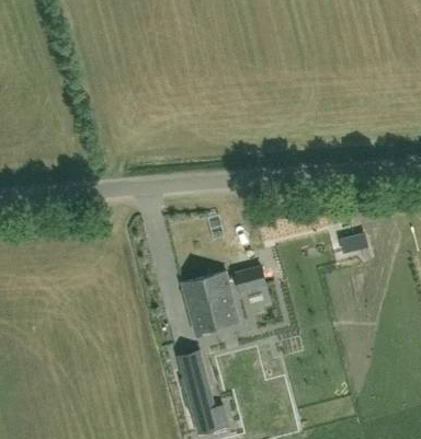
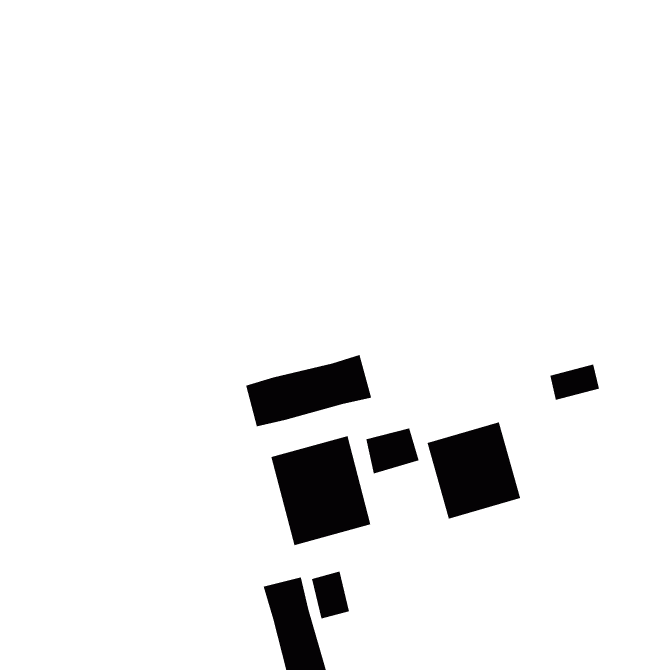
building: none -> [246,354,372,427]
building: none -> [427,421,521,520]

